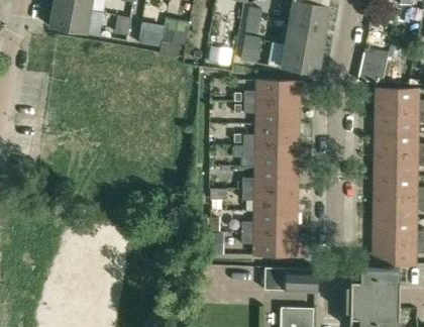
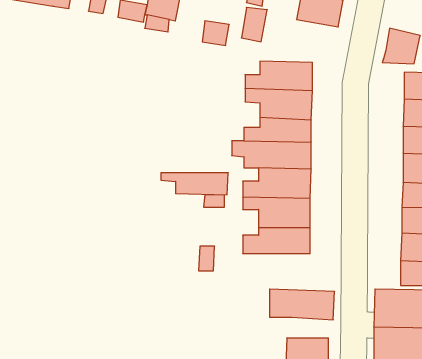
building: [269,42,321,74] -> none
building: [242,237,298,255] -> [161,173,228,195]

